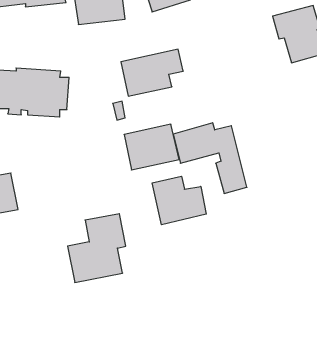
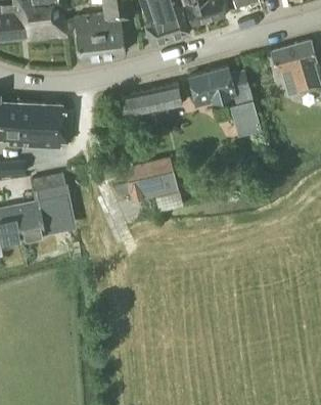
building: [173,123,247,193] -> [188,65,261,135]
building: [152,176,206,225] -> none
building: [68,214,126,282] -> [12,173,70,240]

